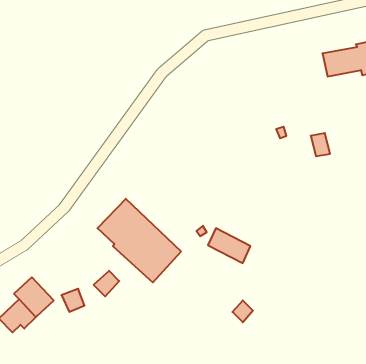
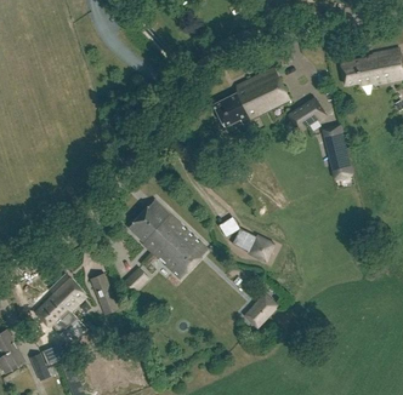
building: none -> [215,67,291,126]
building: none -> [290,98,325,130]

